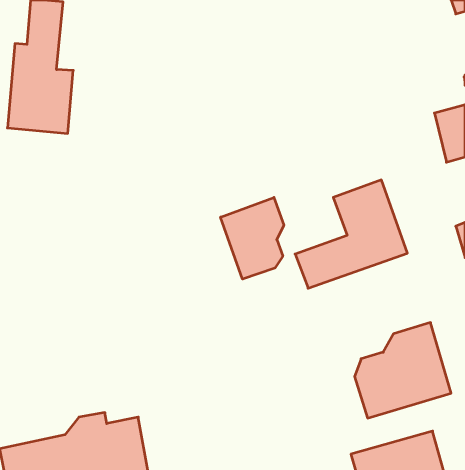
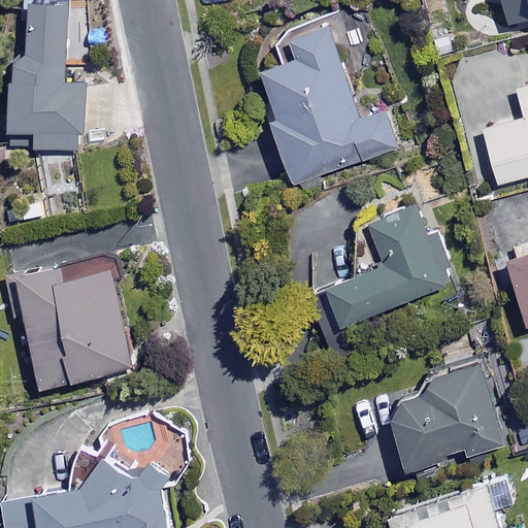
building: none -> [264,22,391,182]
building: [221,197,284,279] -> none
building: none -> [4,265,130,387]

